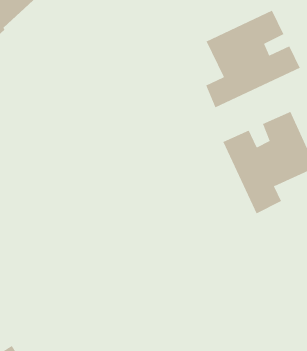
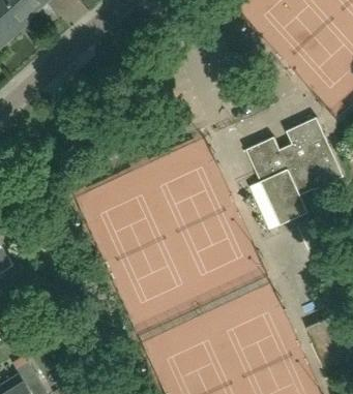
building: [206,10,301,108] -> none

